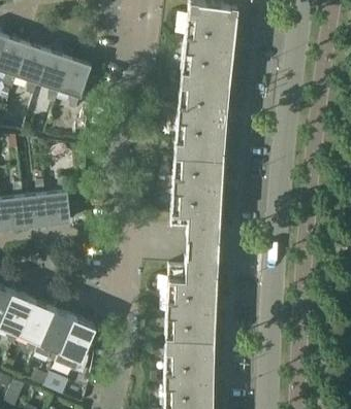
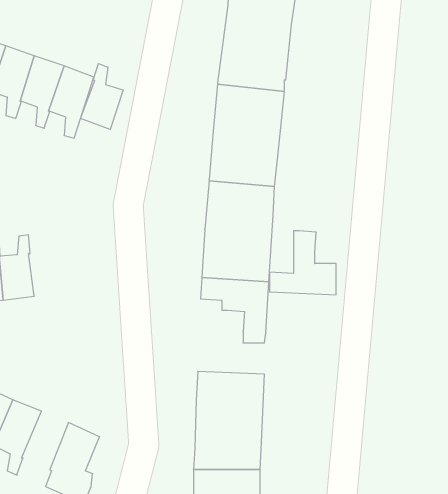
building: none -> [81,64,123,129]
building: [44,179,71,226] -> none
building: [167,236,216,282] -> [269,231,336,295]
building: [36,309,73,364] -> none

